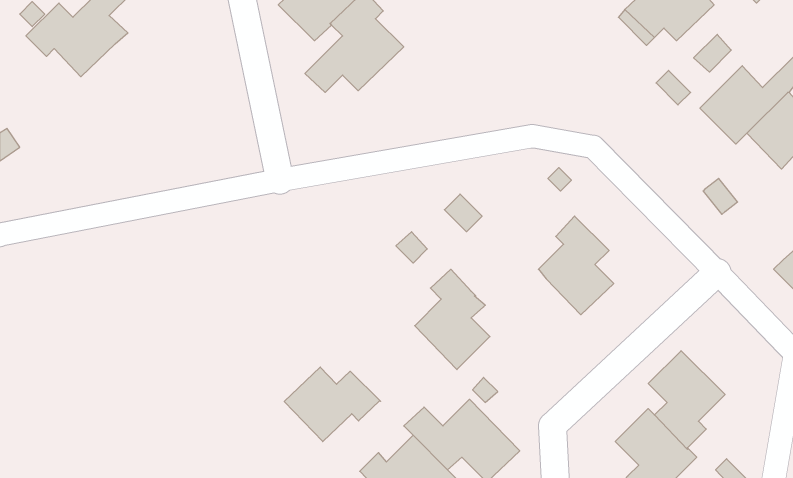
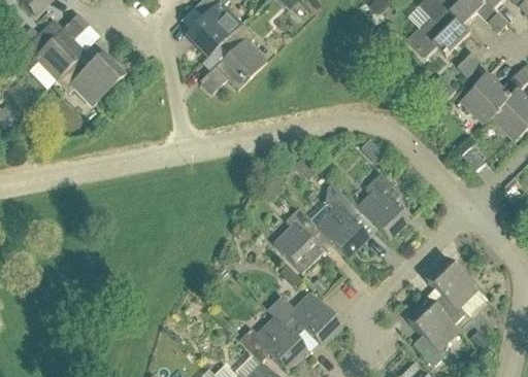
building: none -> [55,49,127,106]
building: none -> [311,183,365,254]
building: [284,367,381,442] -> none

